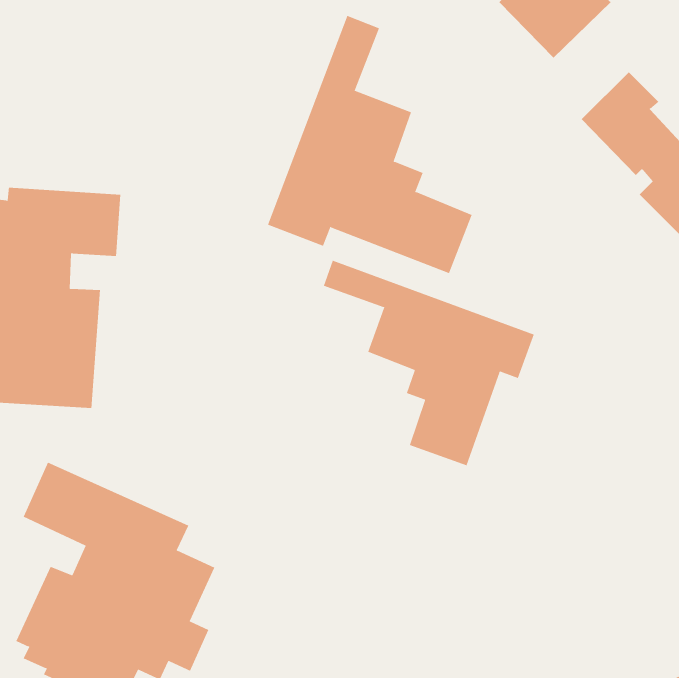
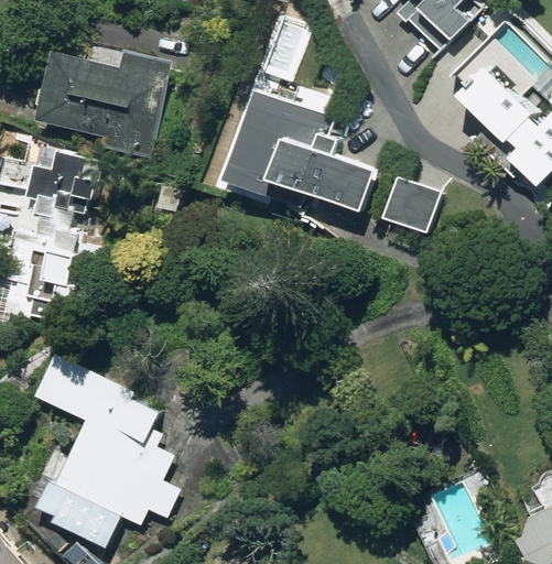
building: none -> [33,44,153,155]
building: none -> [383,174,440,231]
building: [323,260,534,466] -> none

